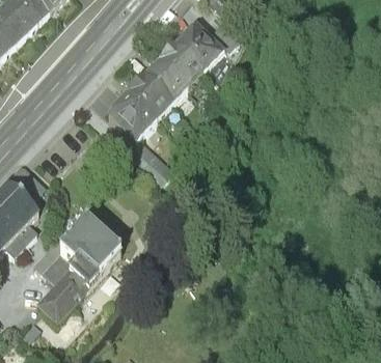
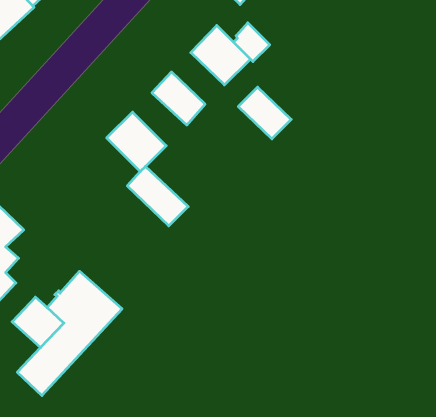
building: [161,45,203,86] -> [238,87,291,139]
building: [130,77,173,119] -> none

